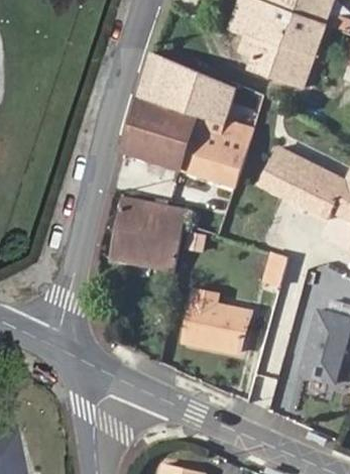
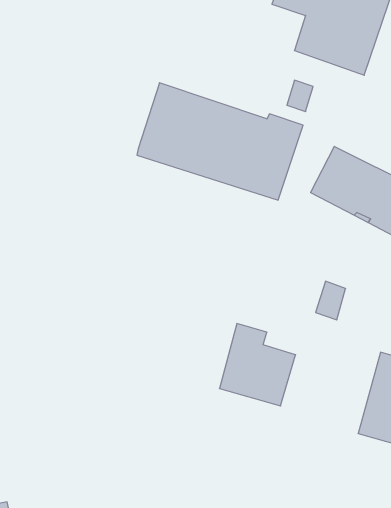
building: [137,53,236,123] -> none
building: [107,196,186,273] -> none

